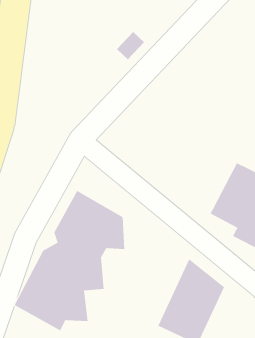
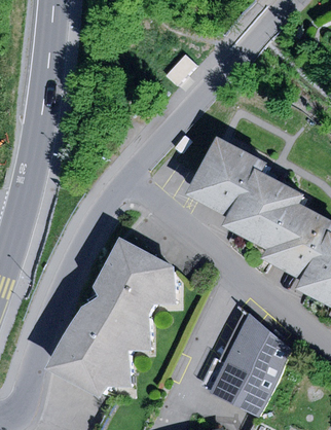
building: none -> [193,140,307,256]

